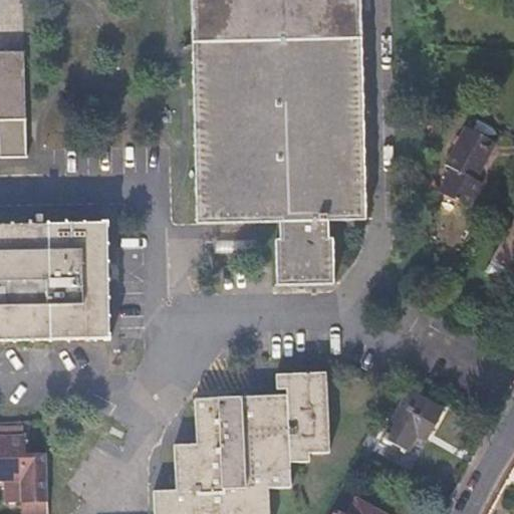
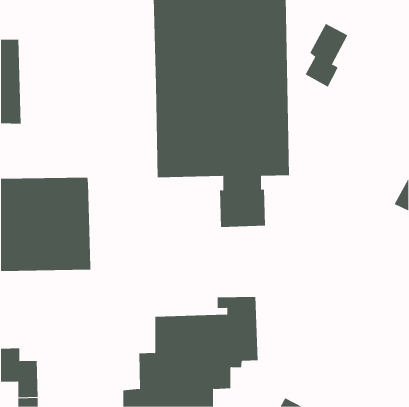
building: [440,125,494,206] -> [305,23,348,87]
building: [387,393,446,457] -> none

